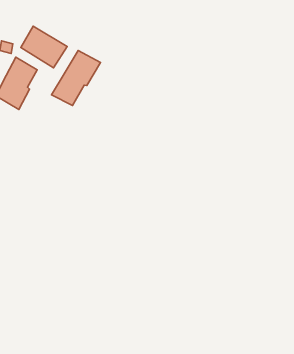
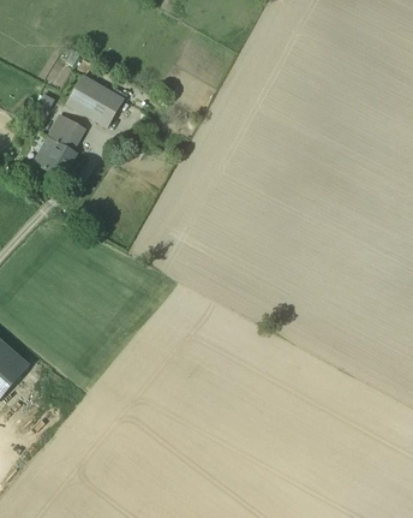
building: [52,51,101,105] -> none

